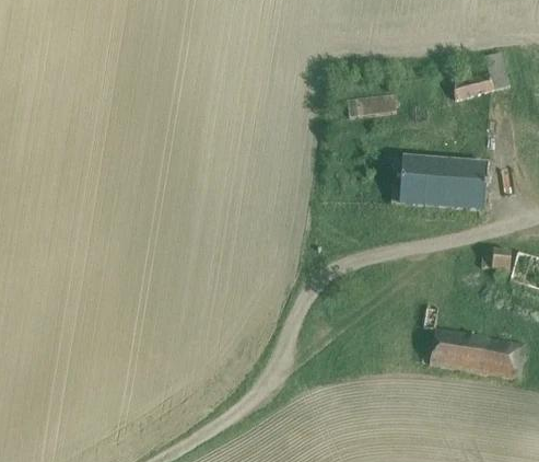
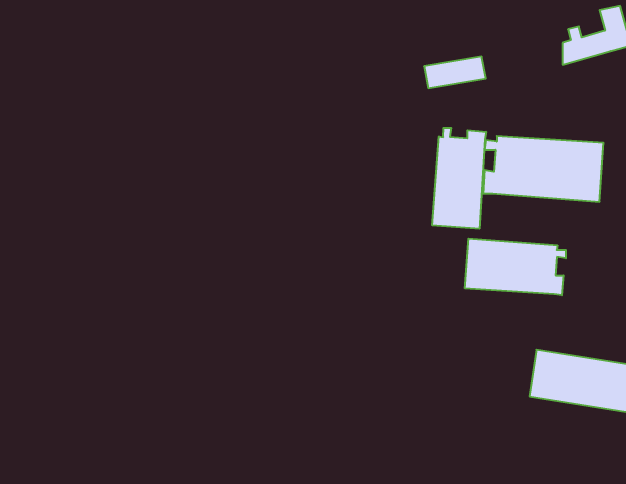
building: none -> [432,128,486,229]
building: none -> [465,239,566,295]

